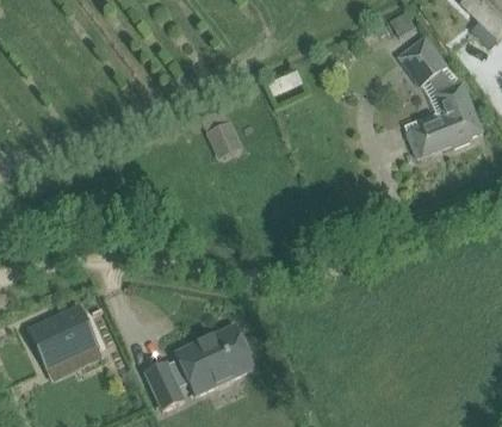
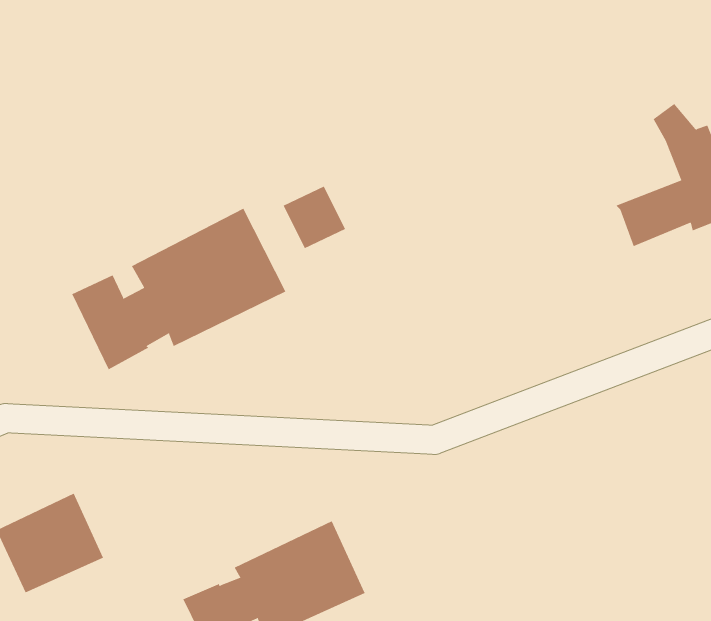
building: [395,35,447,87] -> none
building: none -> [71,208,286,370]

